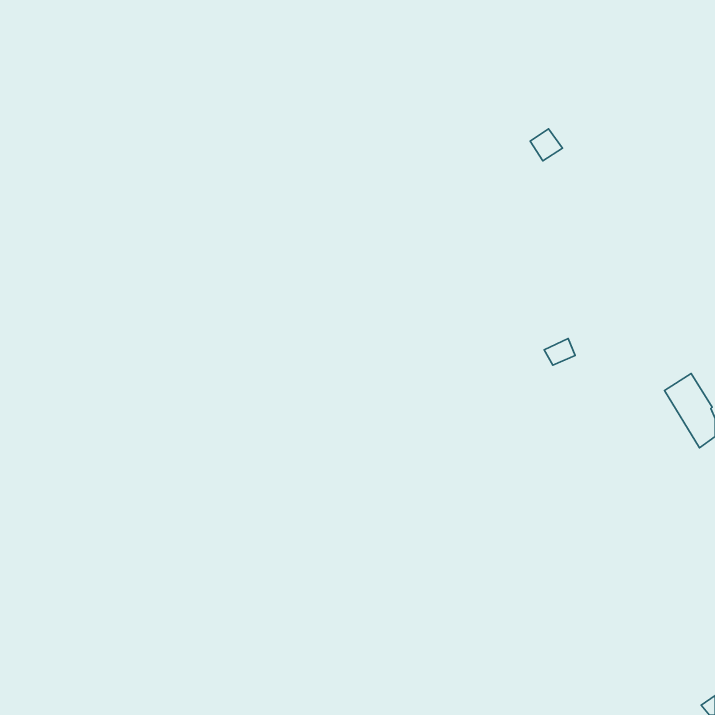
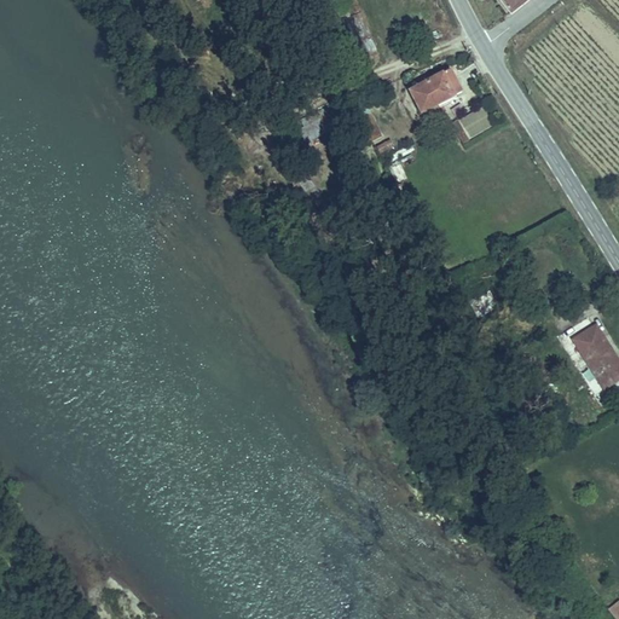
building: none -> [410,69,462,111]

